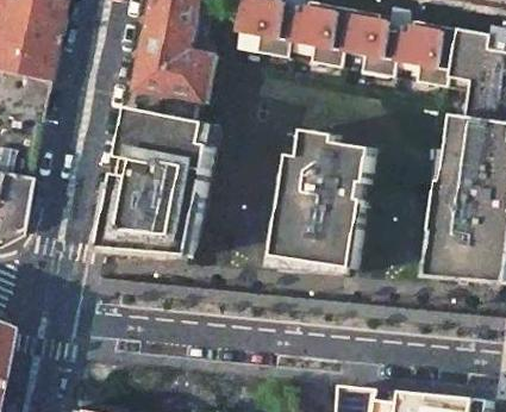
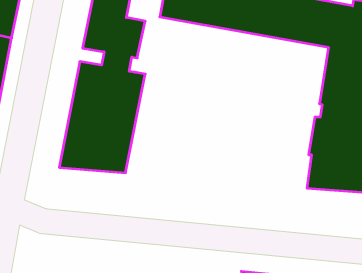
building: [270,130,370,268] -> none

